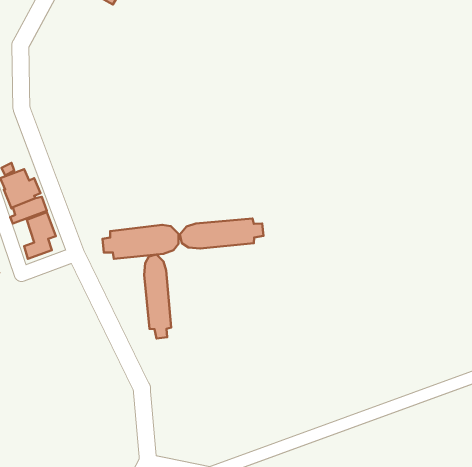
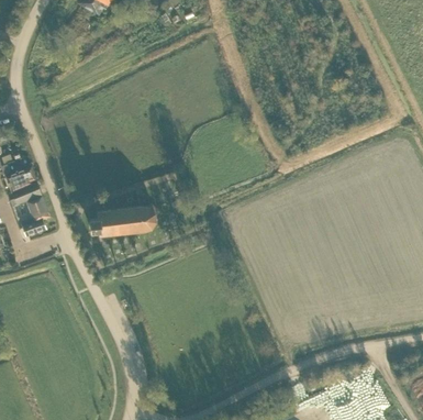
building: [180,219,264,249] -> none
building: [144,255,171,339] -> none

